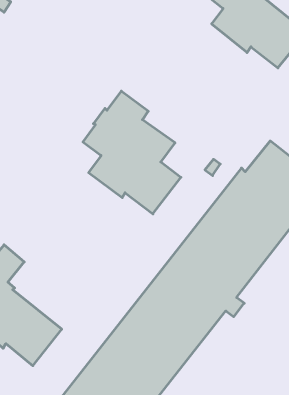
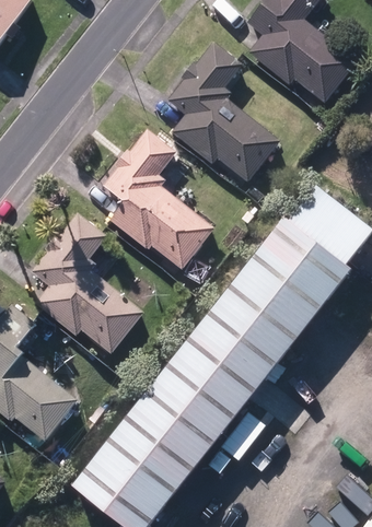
building: none -> [166,43,280,181]
building: none -> [32,213,143,354]

